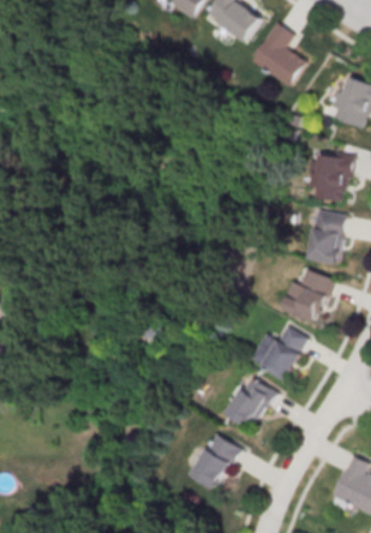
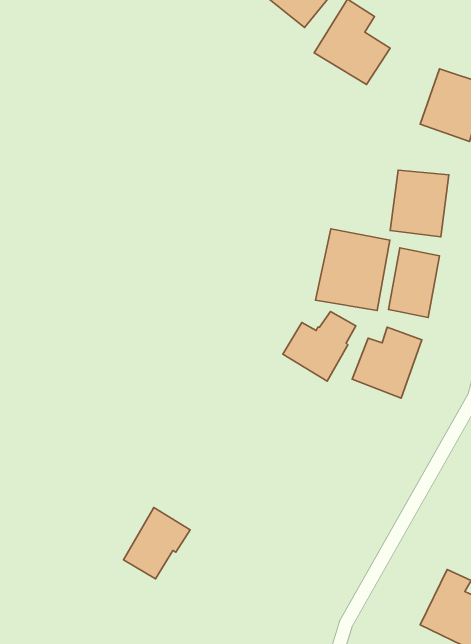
building: none -> [315,229,390,311]
building: [249,327,304,379] -> [283,311,356,381]
building: [223,373,274,429] -> none
building: [189,433,239,487] -> [124,508,190,579]

